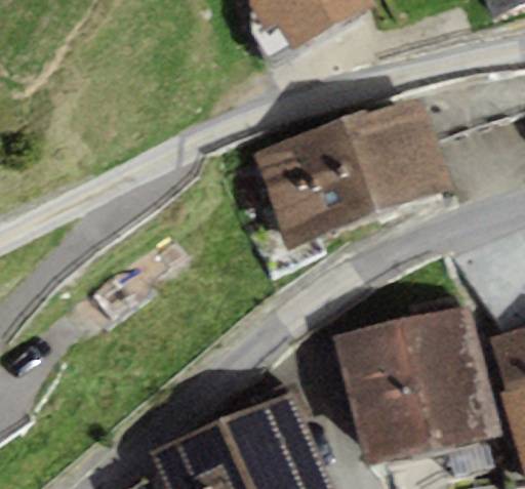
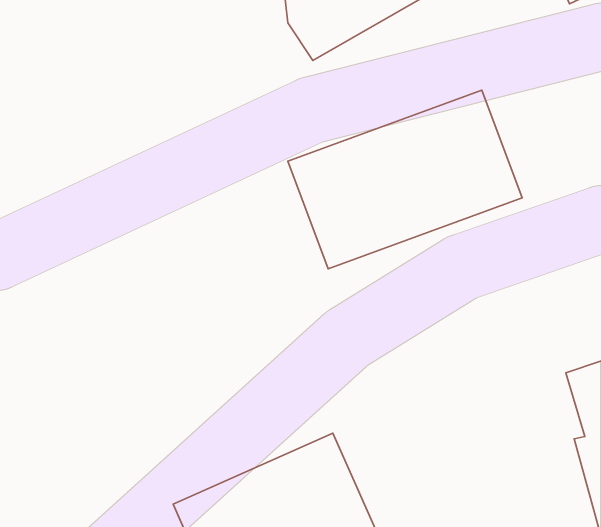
building: [332,305,498,464] -> none

